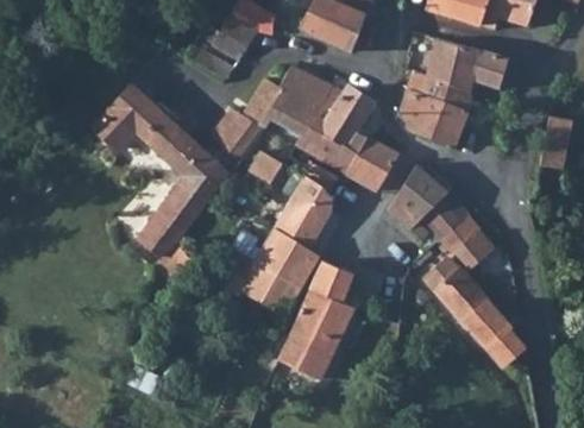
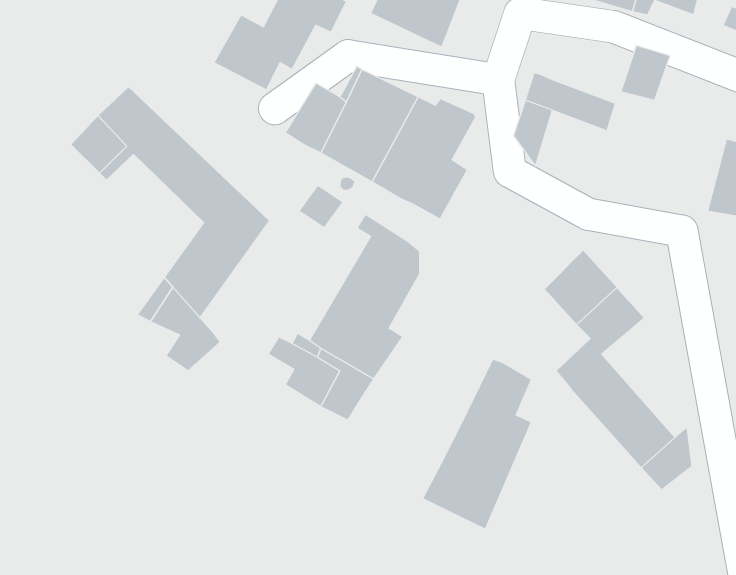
building: [427,38,485,92] -> none
building: [415,96,465,146] -> none
building: [211,105,265,165] -> none
building: [348,138,400,188] -> none
building: [390,166,448,226] -> none
building: [277,260,353,379] -> [423,359,532,529]

